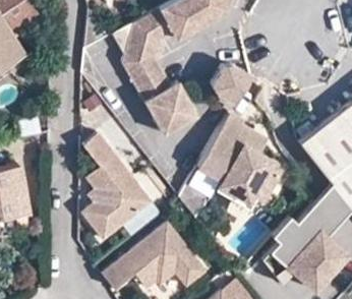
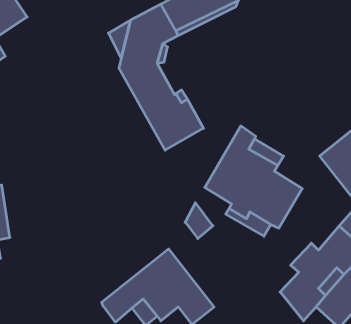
building: [207,54,249,101] -> none
building: [80,133,151,240] -> none

